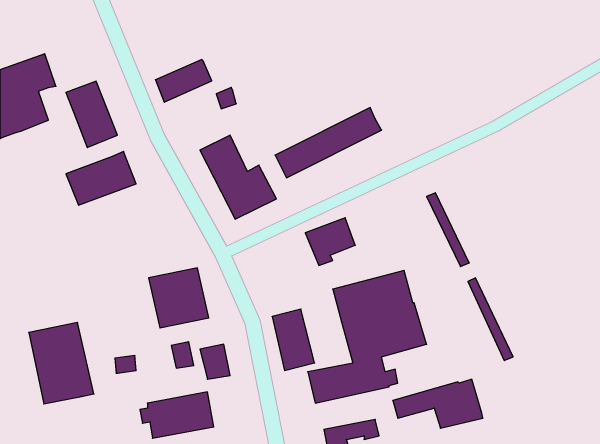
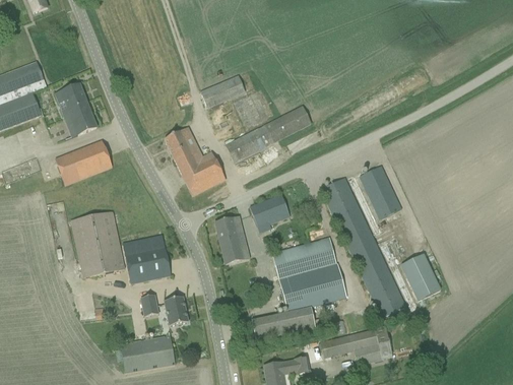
building: [155,60,212,102] -> [200,74,246,109]
building: none -> [360,166,400,218]
building: none -> [320,178,405,319]
building: none -> [400,253,441,301]
building: [272,309,315,370] -> [215,215,250,265]
building: [29,322,94,404] -> [72,211,125,277]

